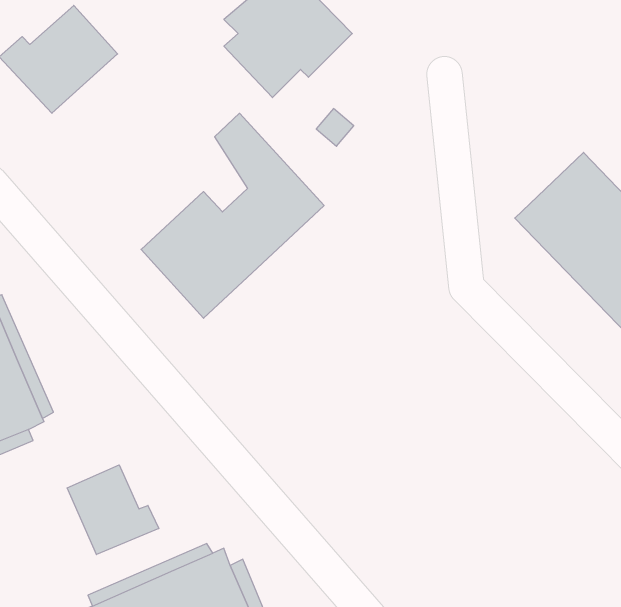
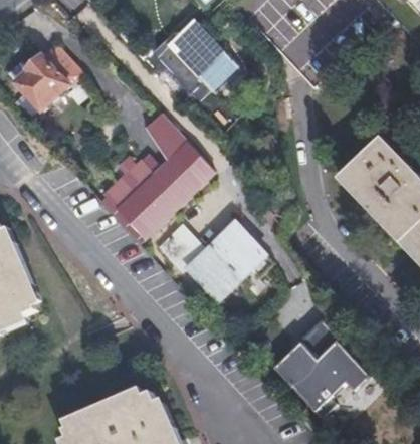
building: none -> [138,215,266,301]
building: none -> [276,320,372,416]
building: [67,465,159,555] -> none

